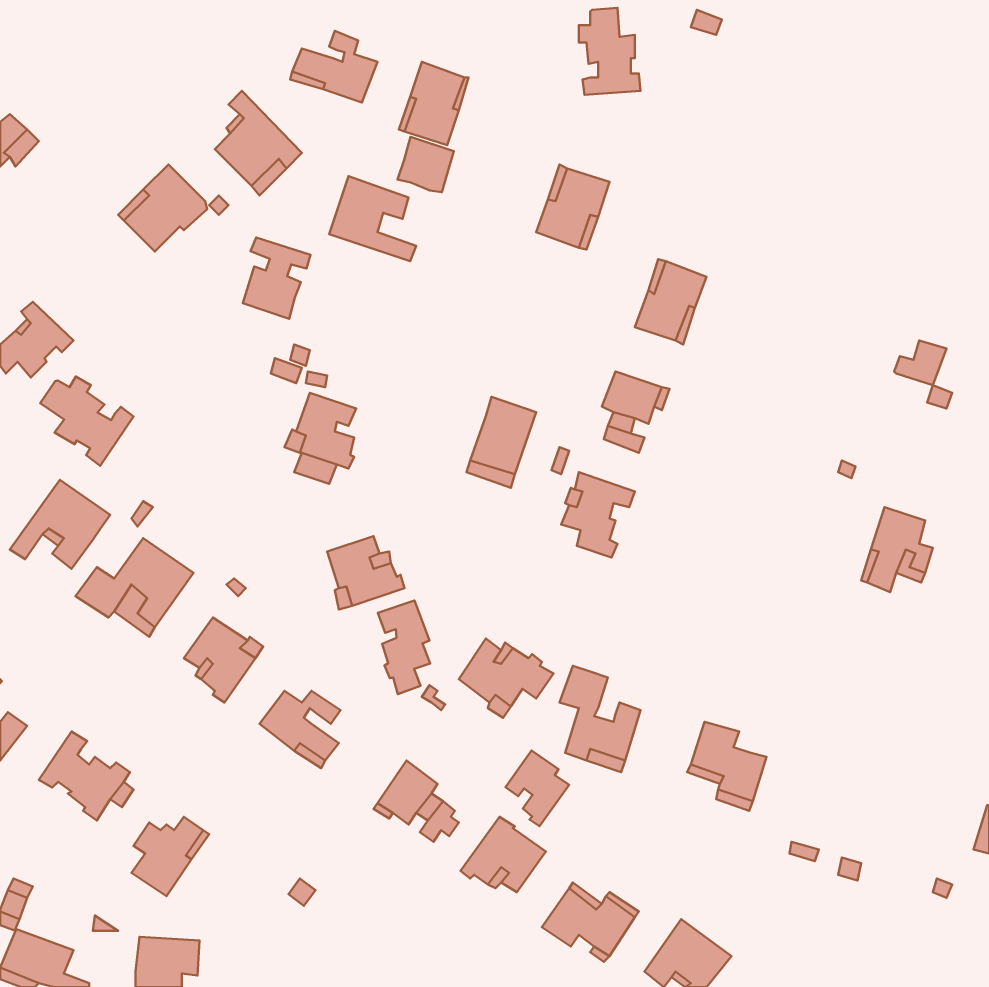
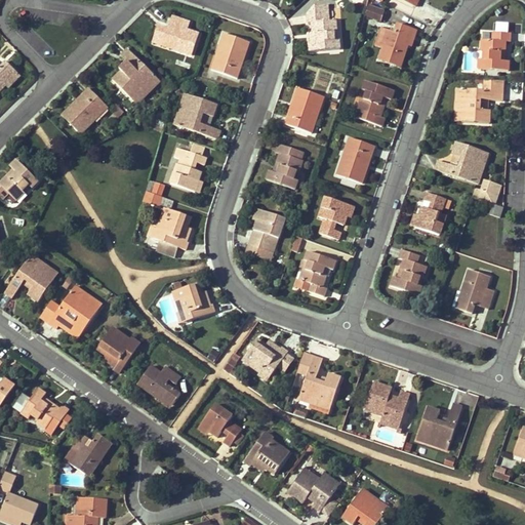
building: none -> [375,23,415,66]
building: none -> [478,32,511,69]
building: [397,137,454,192] -> none
building: none -> [456,79,503,122]
building: none -> [355,81,394,125]
building: [243,237,310,319] -> [170,148,206,191]
building: none -> [435,143,489,184]
building: none -> [266,144,304,189]
building: none -> [415,193,451,234]
building: [40,377,133,466] -> none
building: none -> [391,249,428,295]
building: [378,601,430,694] -> none
building: [505,750,569,826] -> none
building: none -> [416,404,461,450]

